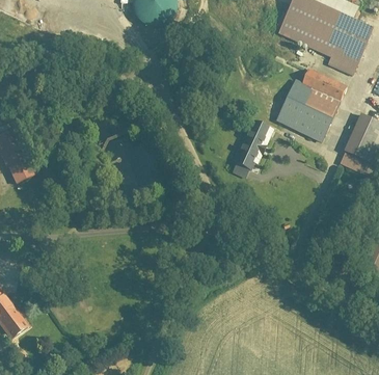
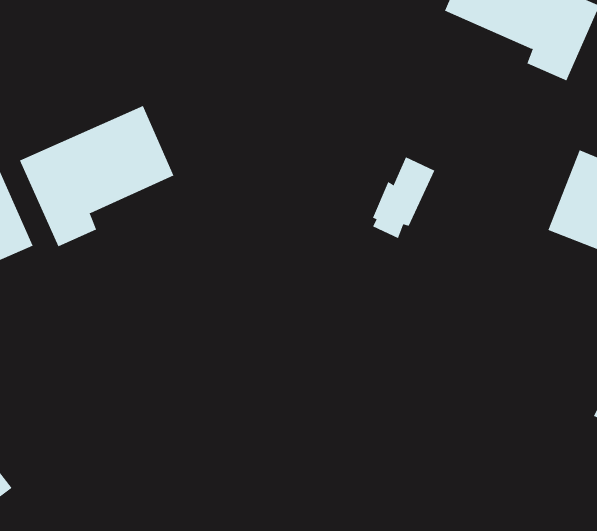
building: [262,71,345,137] -> none
building: none -> [19,105,174,247]

